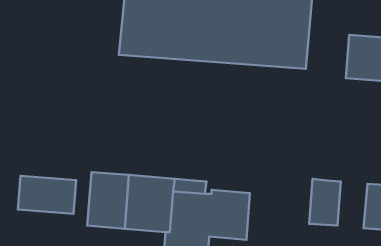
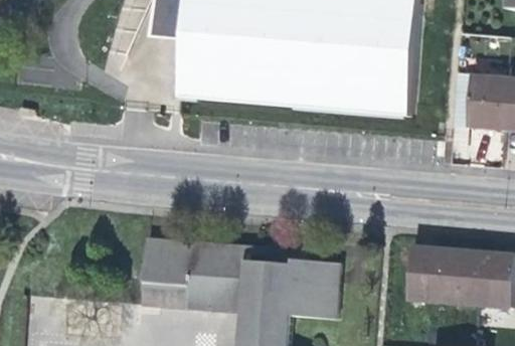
building: [18,176,76,214] -> none
building: none -> [444,249,480,306]

